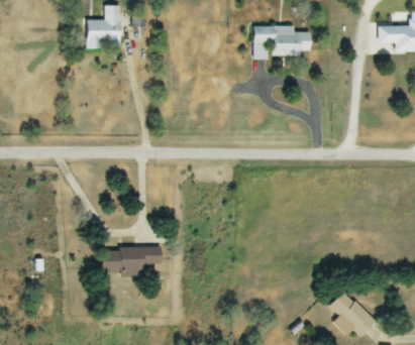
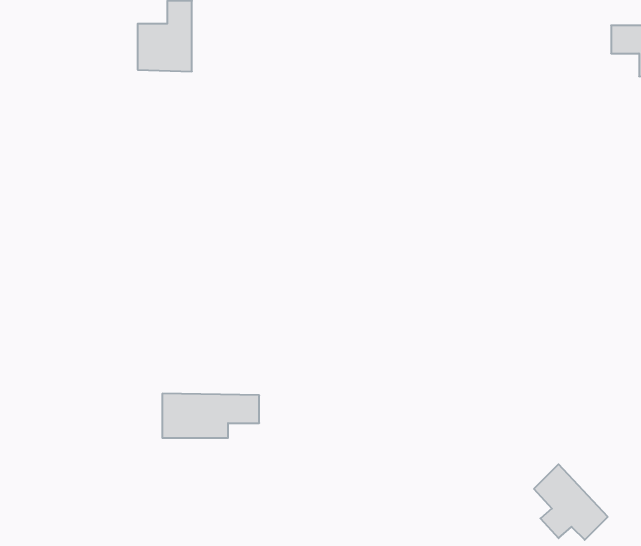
building: [253,26,311,56] -> none

